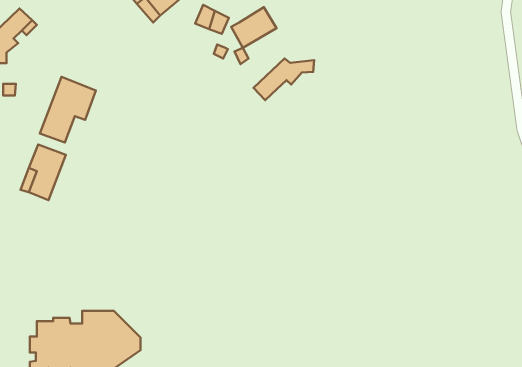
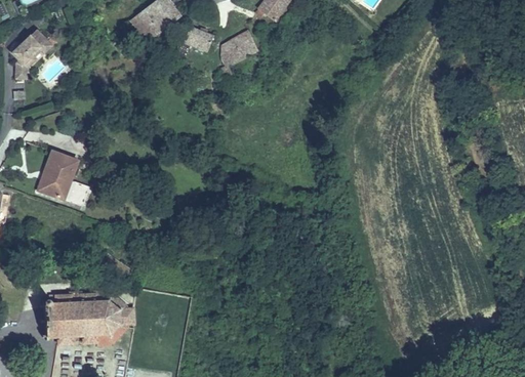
building: [254,59,314,100] -> none
building: [40,77,96,142] -> none

